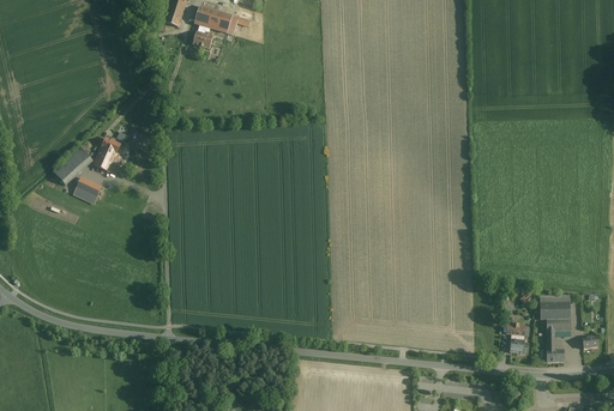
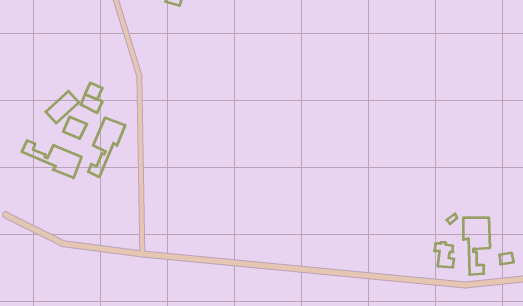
building: none -> [88,118,125,177]
building: none -> [22,140,81,178]

